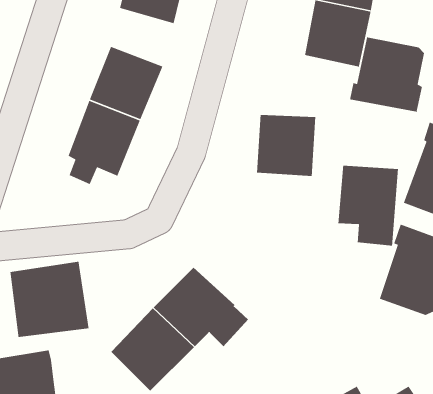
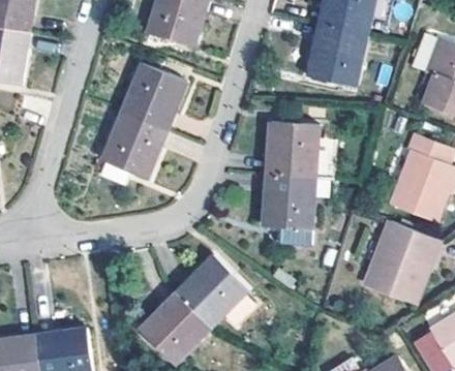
building: [349,37,425,114] -> none
building: [338,165,399,247] -> [261,176,313,246]
building: [10,261,90,338] -> none

